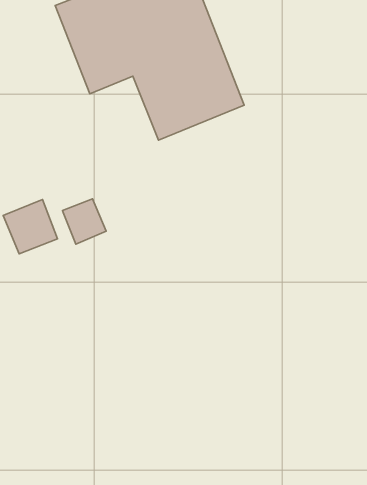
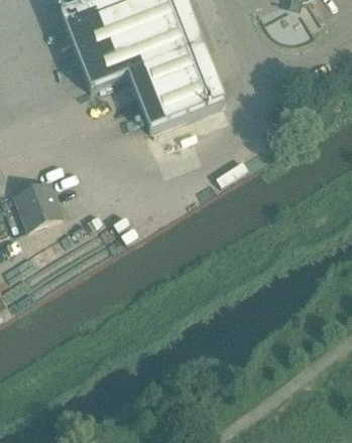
building: [62,199,106,244] -> none

